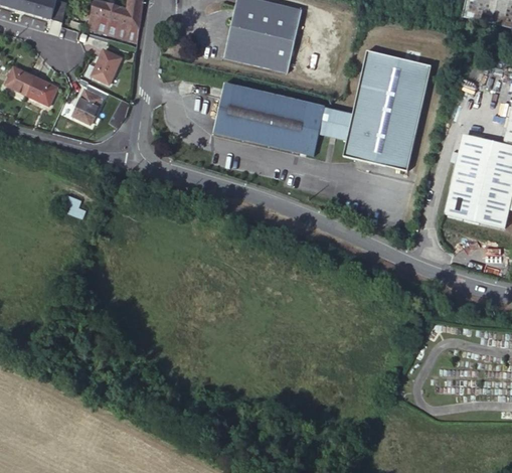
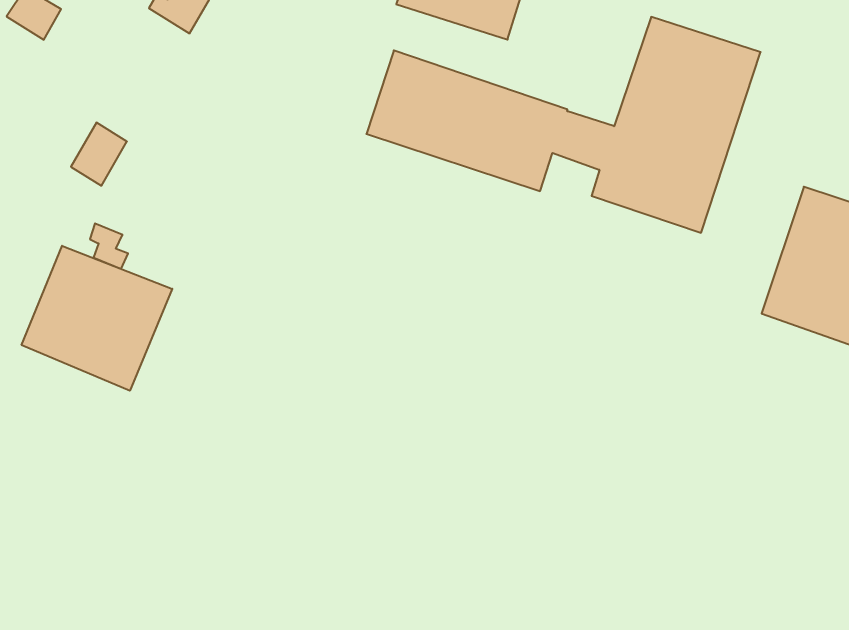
building: [27,76,56,105] -> none
building: [71,88,102,123] -> [71,123,127,186]
building: none -> [22,246,172,391]

